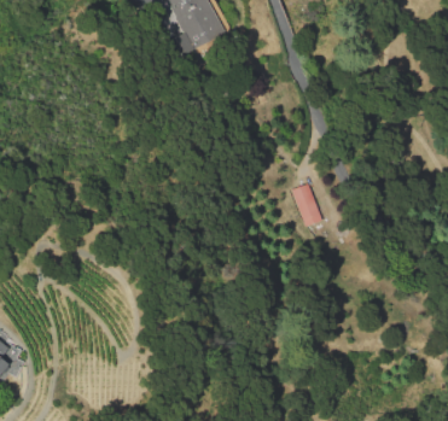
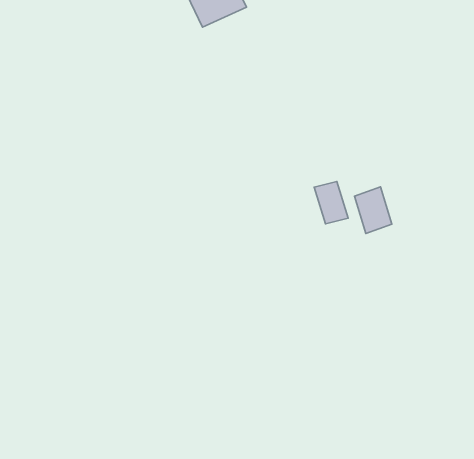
building: none -> [354,187,392,234]

